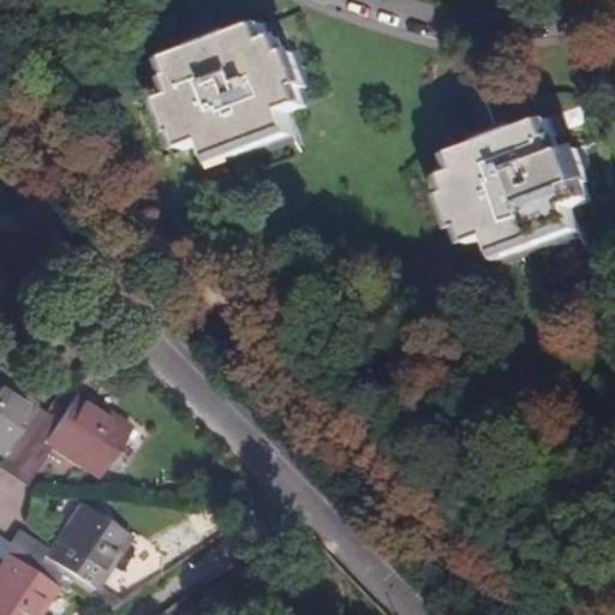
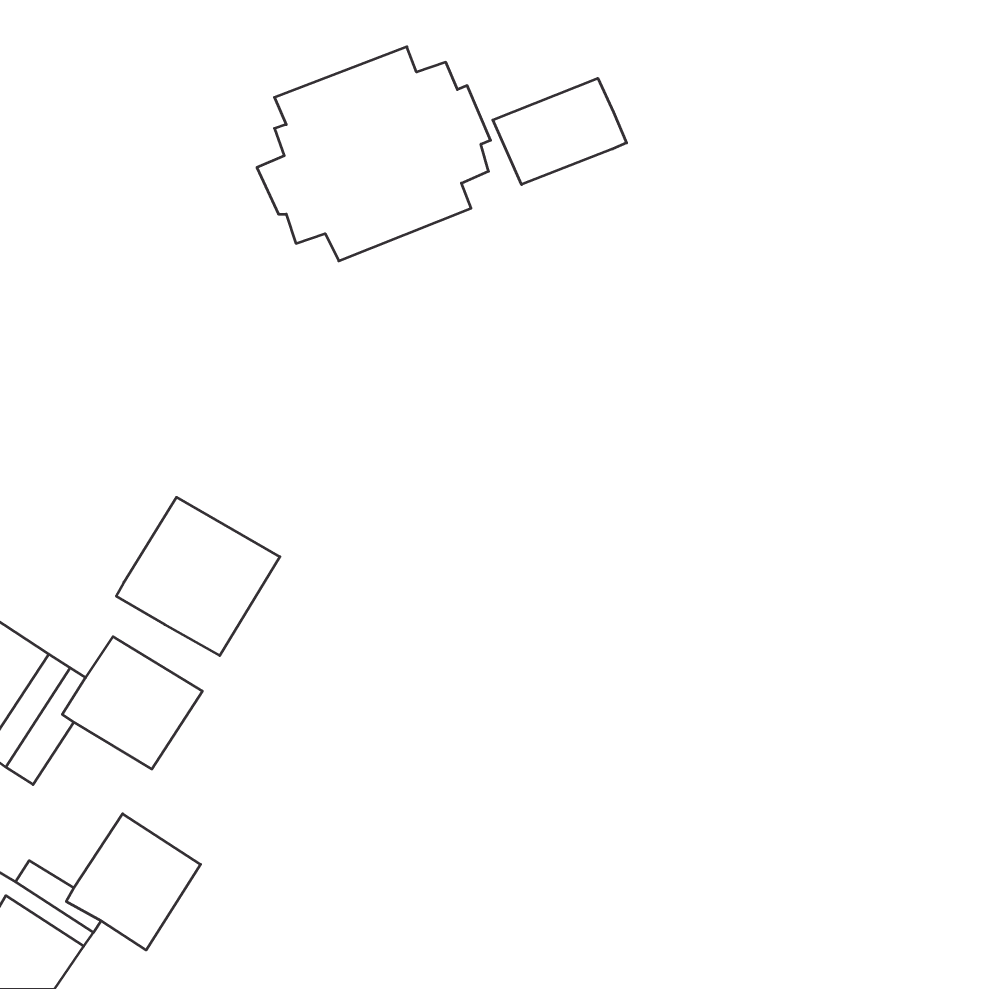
building: none -> [493,78,627,185]
building: [442,124,586,255] -> none
building: none -> [116,497,280,656]

